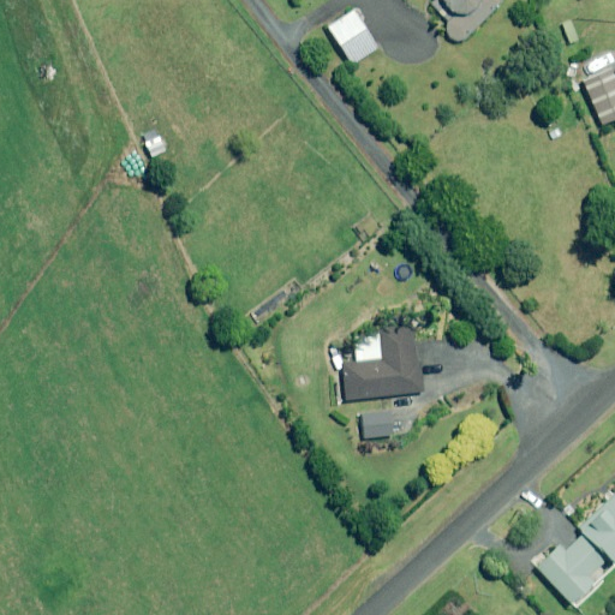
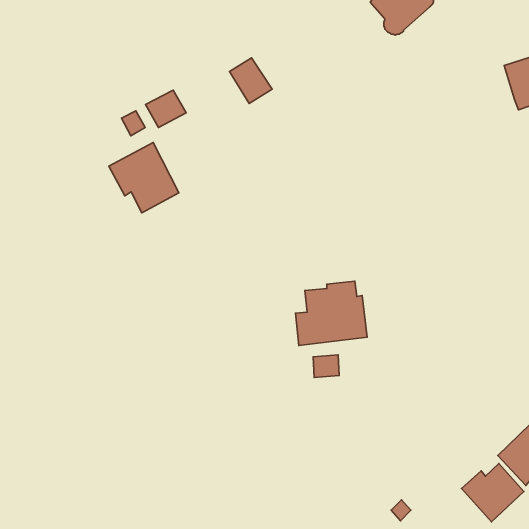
building: [329,11,378,64] -> [230,58,272,104]
building: none -> [145,90,186,127]
building: none -> [109,143,179,213]

